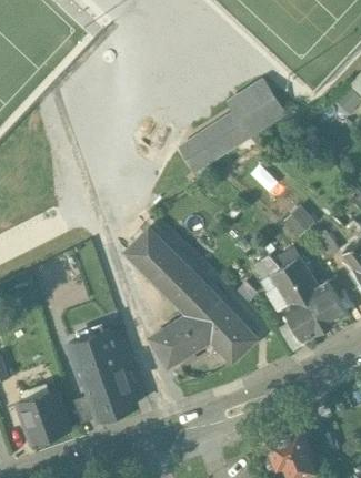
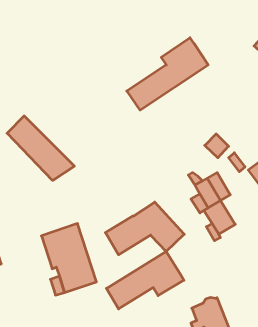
building: [126,230,217,316] -> [7,116,74,180]
building: [305,282,348,327] -> none
building: none -> [106,251,184,309]
building: [19,385,71,443] -> none

